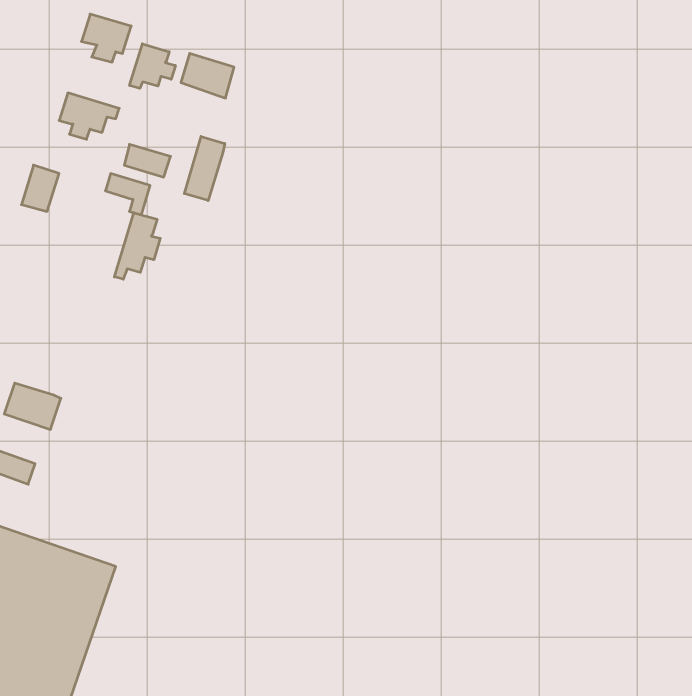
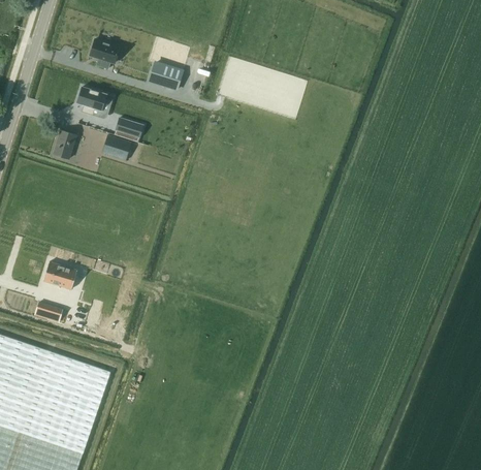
building: [130,44,175,88] -> none
building: [184,136,225,201] -> none
building: [114,213,160,279] -> none

